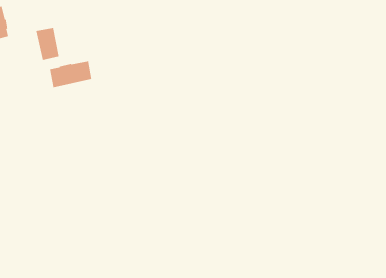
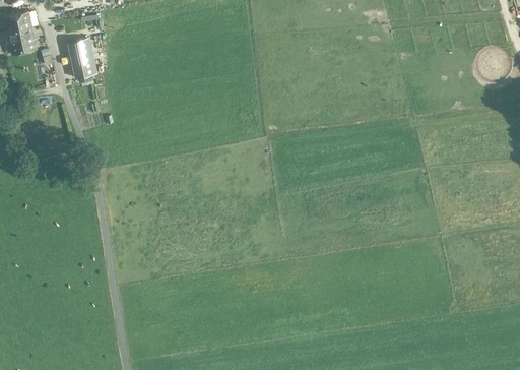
building: [50,60,92,88] -> none

